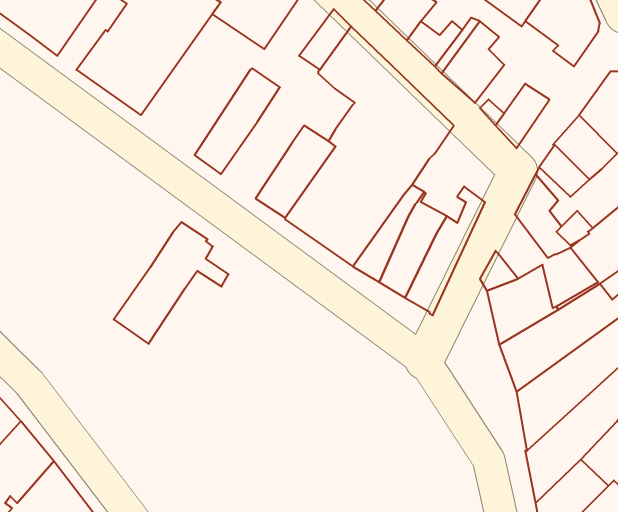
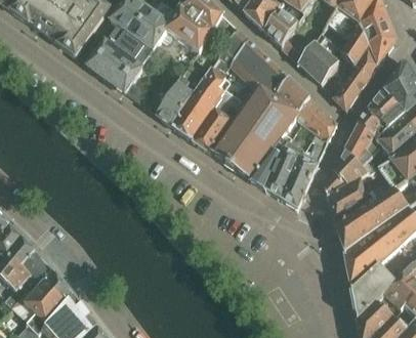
building: none -> [339,36,380,82]
building: none -> [295,96,336,142]
building: none -> [334,150,365,187]
building: [114,222,229,344] -> [172,69,240,140]

